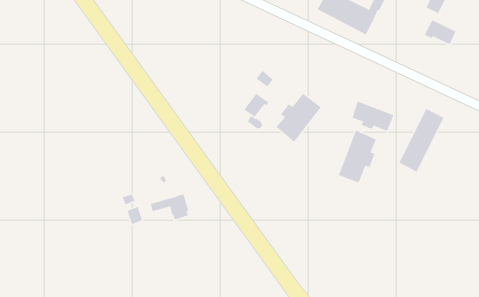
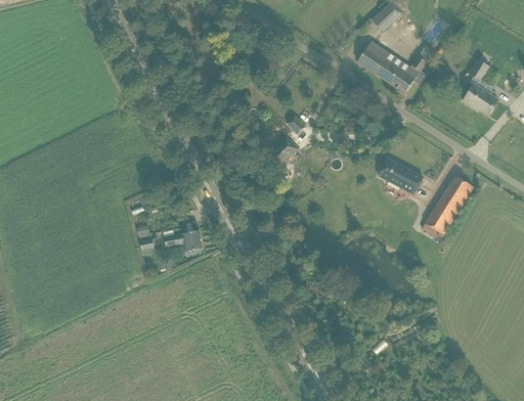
building: [276,93,322,143] -> none
building: [338,130,377,184] -> none

